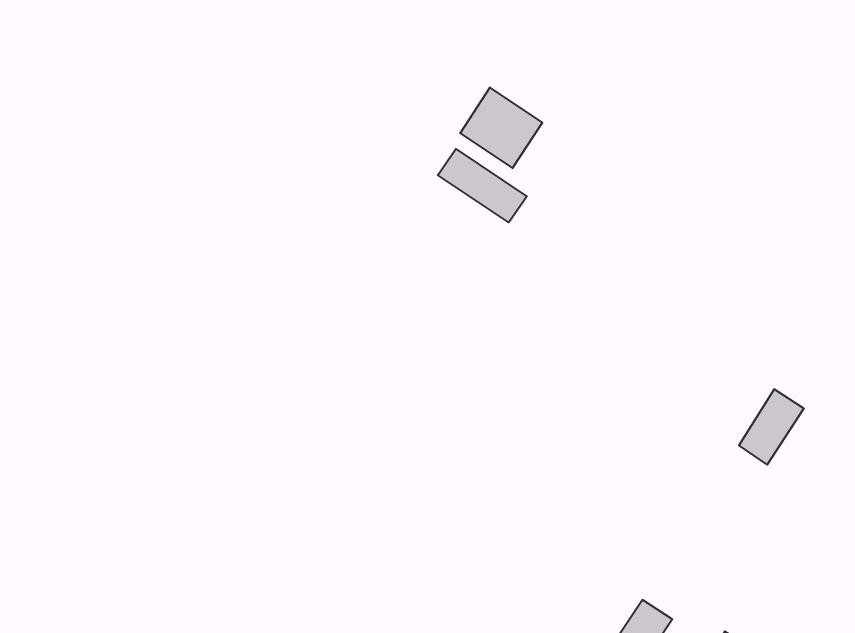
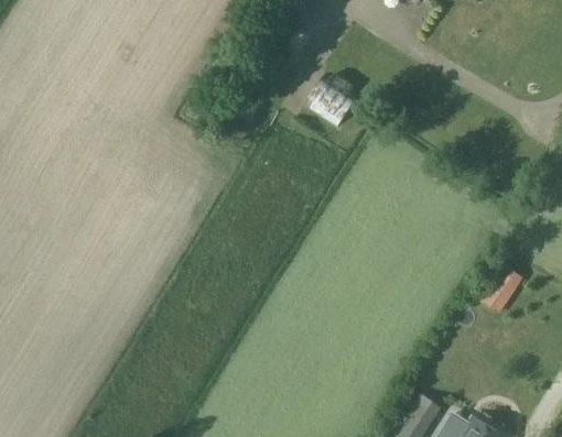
building: [438,149,527,222] -> none

